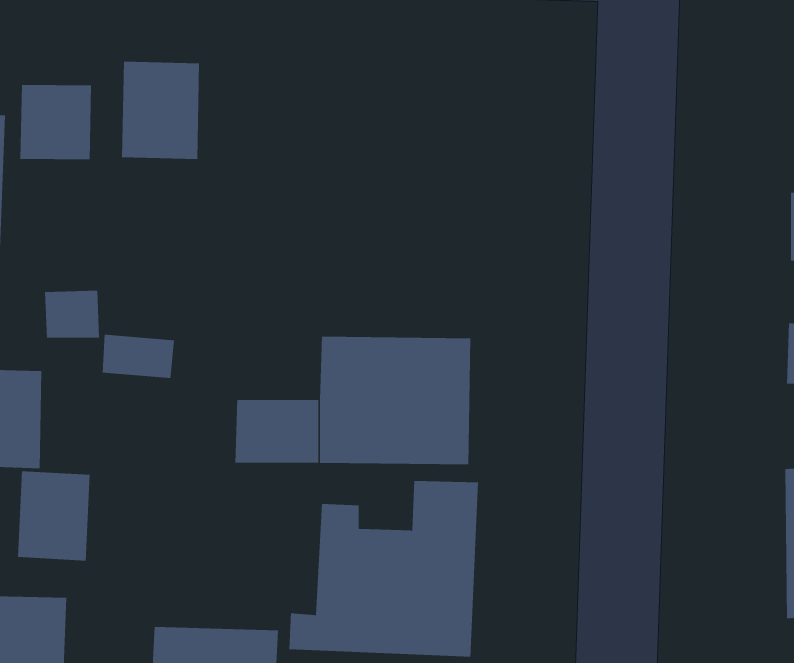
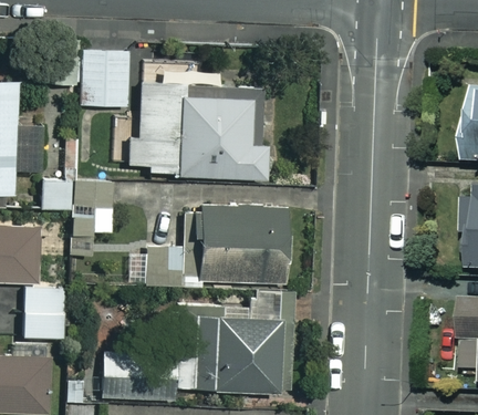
building: [20,84,92,160] -> none
building: none -> [129,71,266,177]

